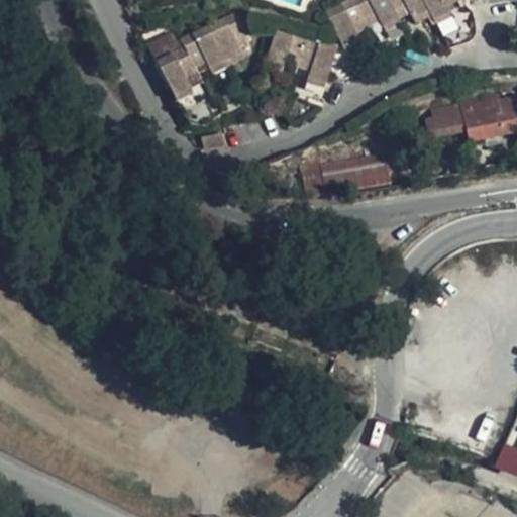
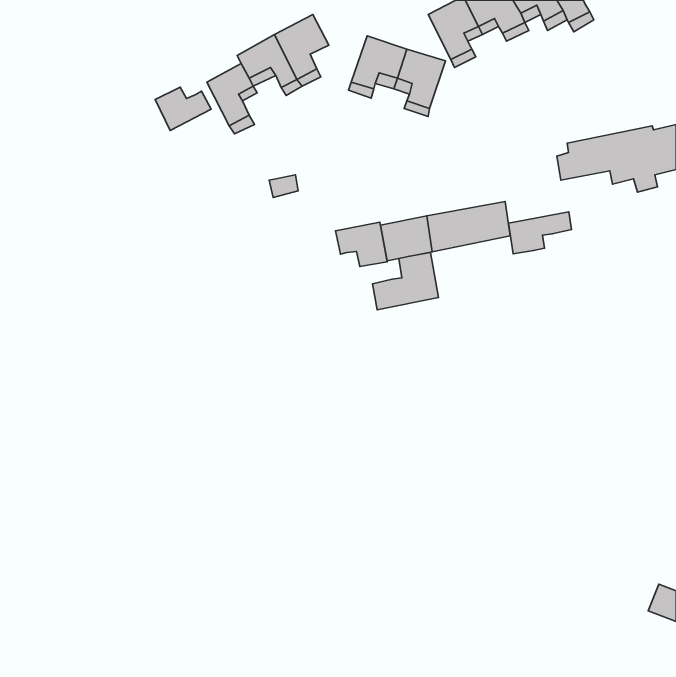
building: none -> [155,87,211,130]
building: none -> [508,212,572,254]
building: none -> [336,222,387,267]
building: none -> [373,253,438,310]

